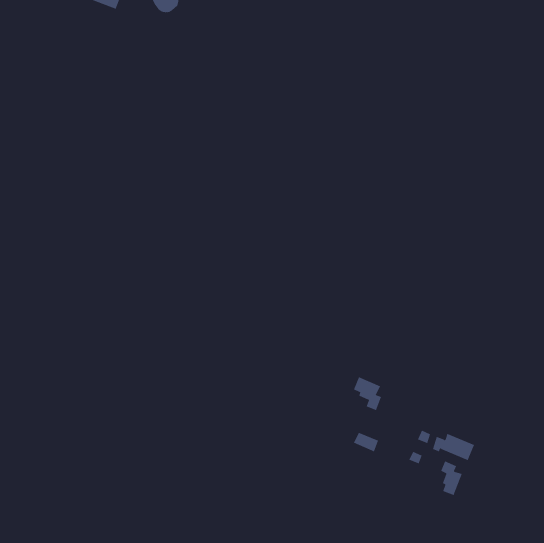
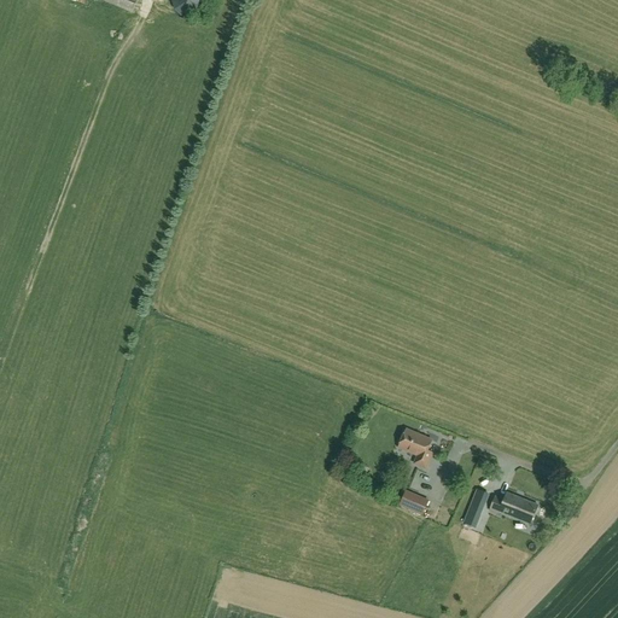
building: [440,461,463,496] -> none

